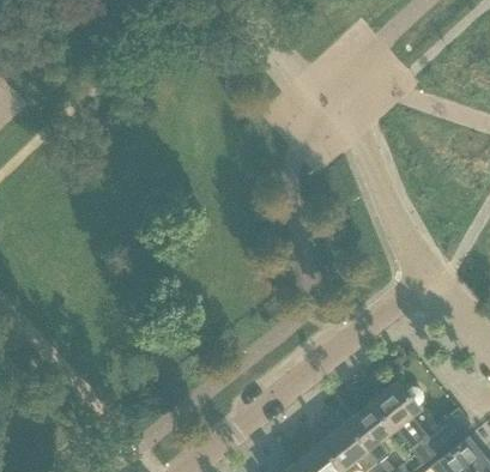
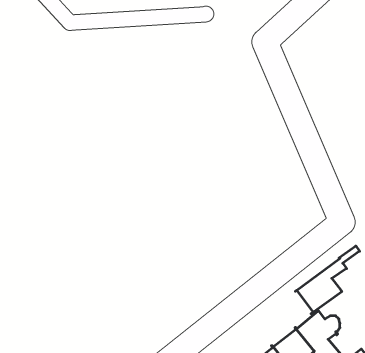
building: none -> [295,246,360,314]

